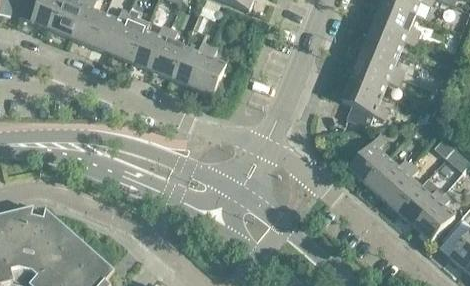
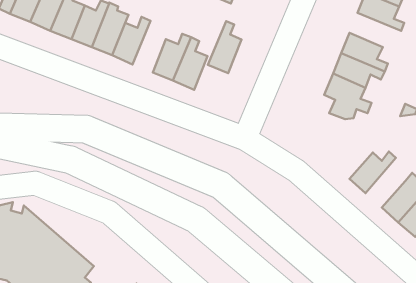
building: [366,19,417,53] -> none
building: [152,27,185,78] -> [208,21,241,73]
building: [348,133,389,183] -> none
building: [382,162,421,211] -> none

